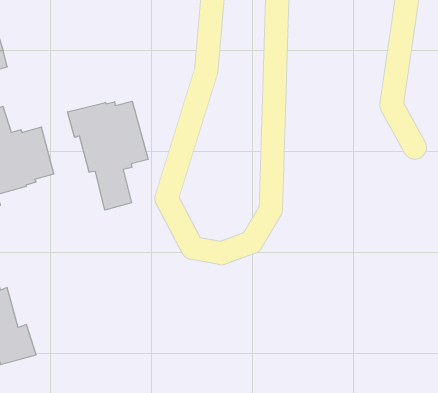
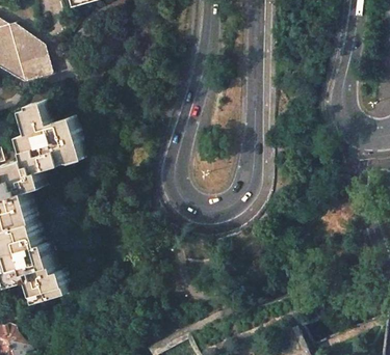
building: [68,101,148,210] -> none

